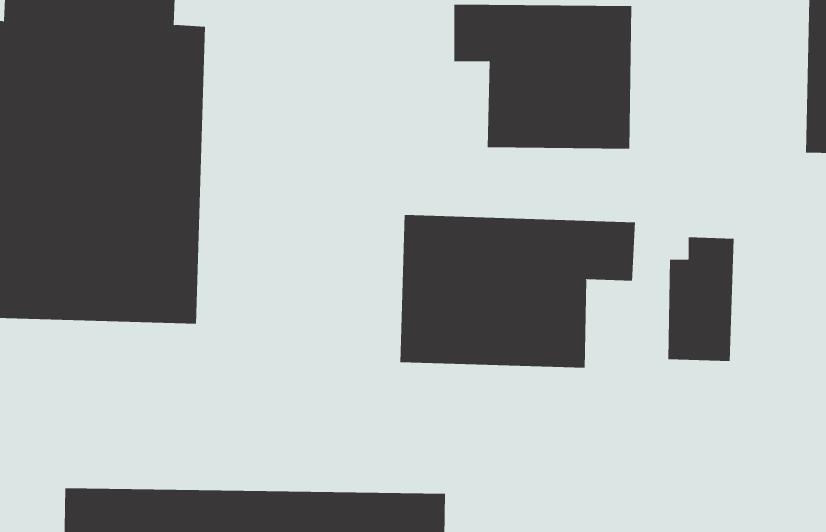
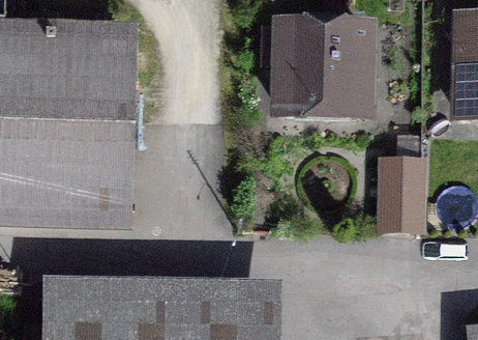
building: [400,214,635,369] -> none

